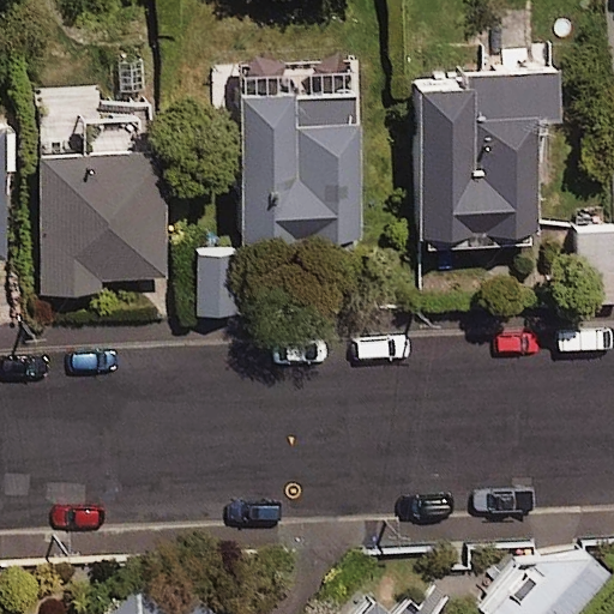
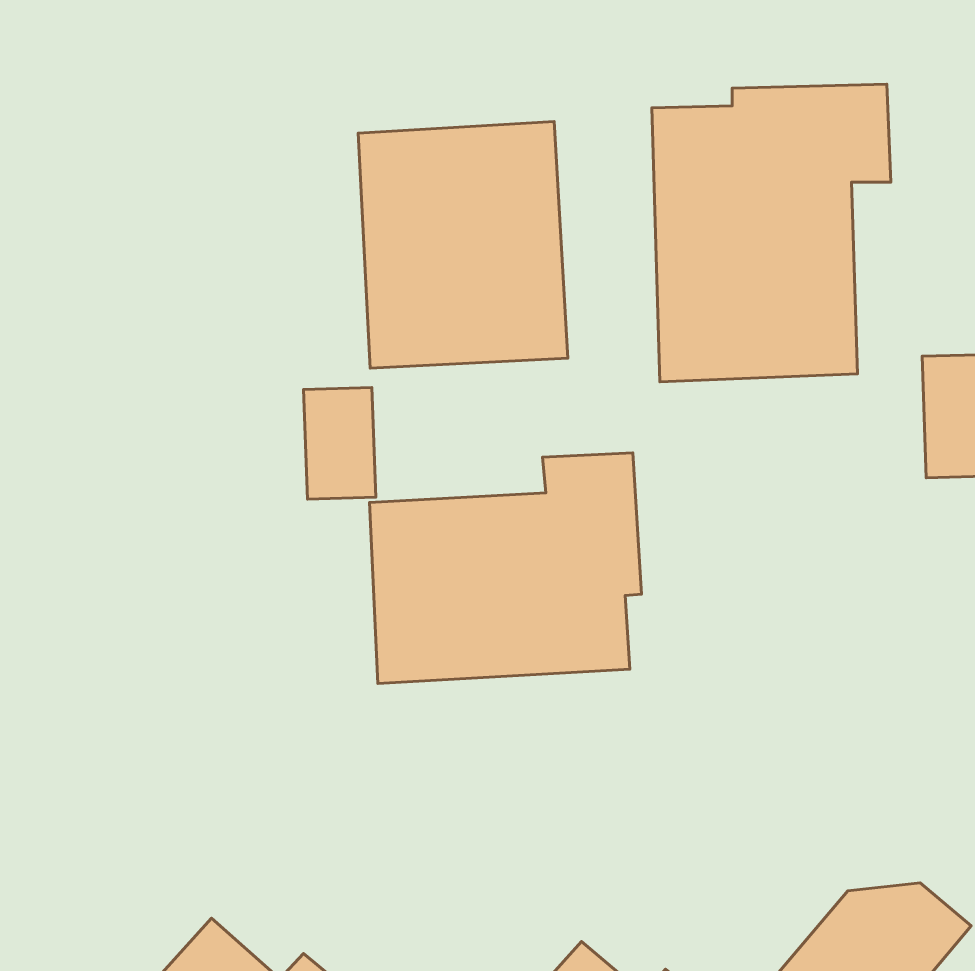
building: [35,148,169,300] -> none
building: none -> [369,453,641,684]

